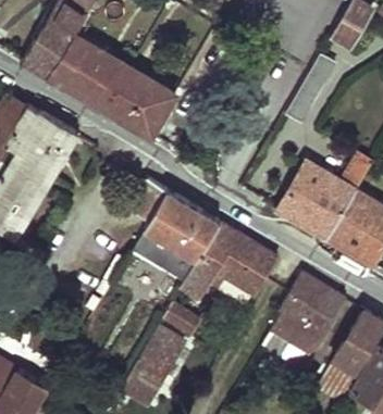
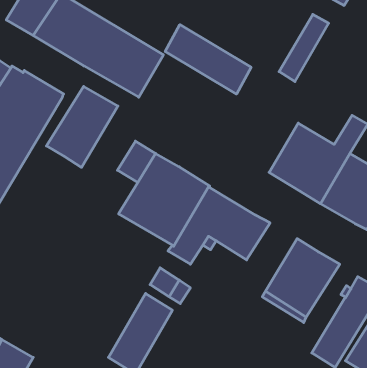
building: none -> [165,25,251,94]
building: none -> [46,86,118,167]

